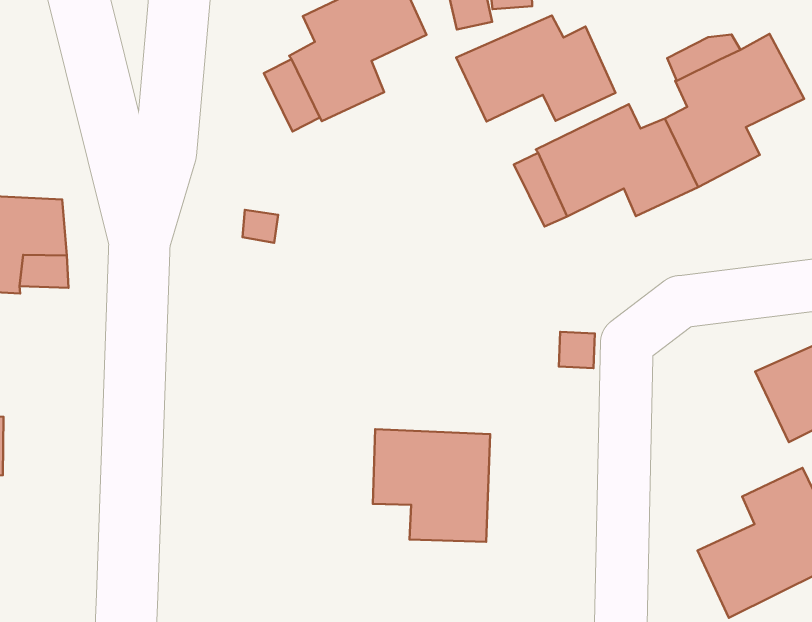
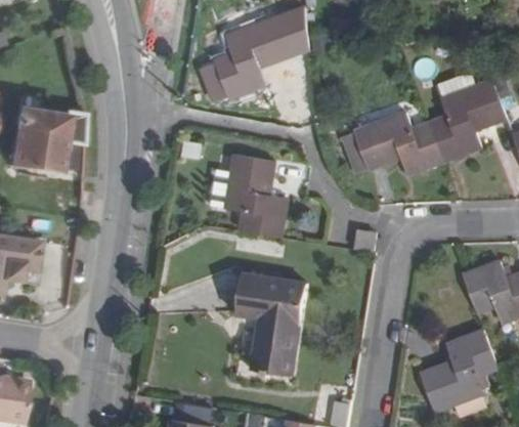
building: [456,15,616,121] -> none
building: none -> [236,155,298,241]
building: none -> [251,339,298,378]

